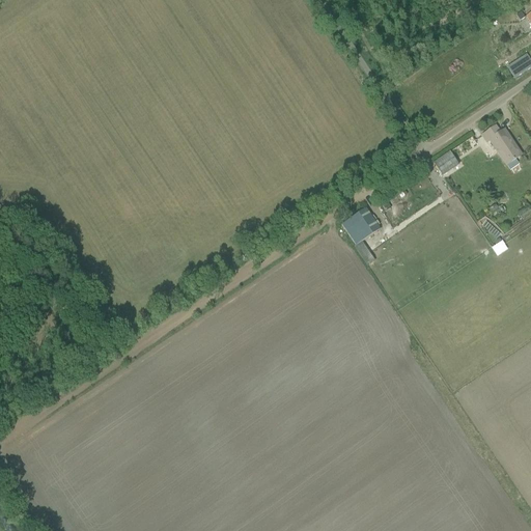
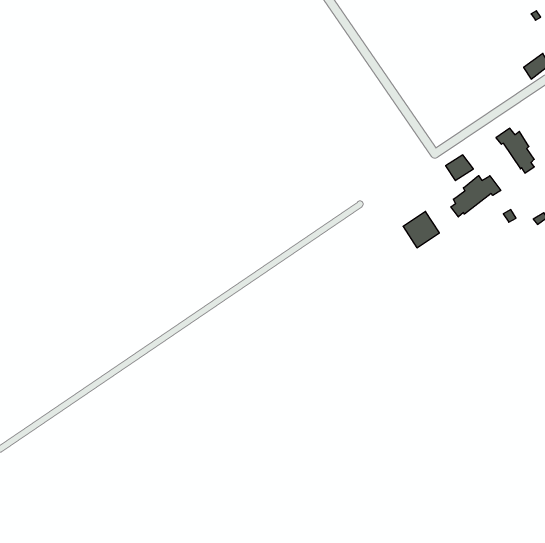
building: none -> [451,176,501,217]
building: [344,207,380,243] -> [403,211,439,248]

